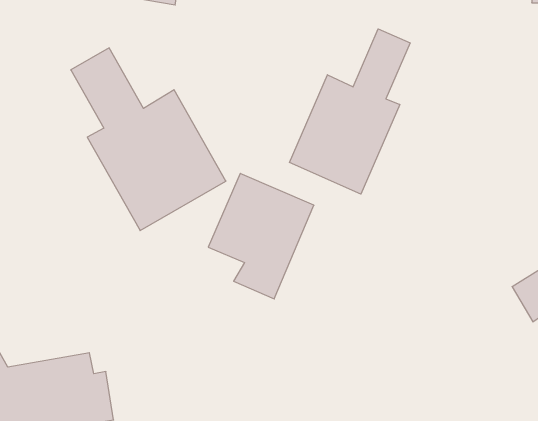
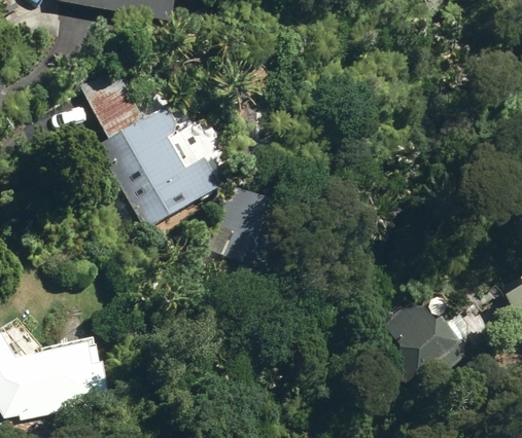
building: [290,29,410,194] -> none
building: none -> [378,298,461,374]

